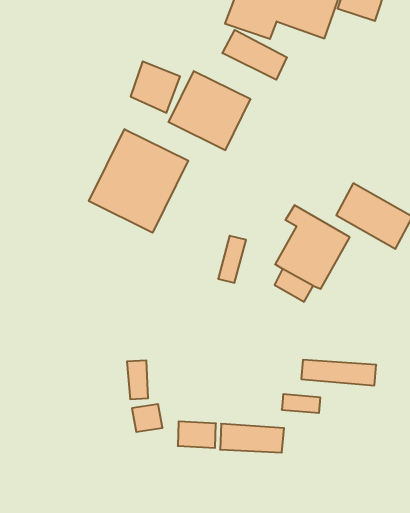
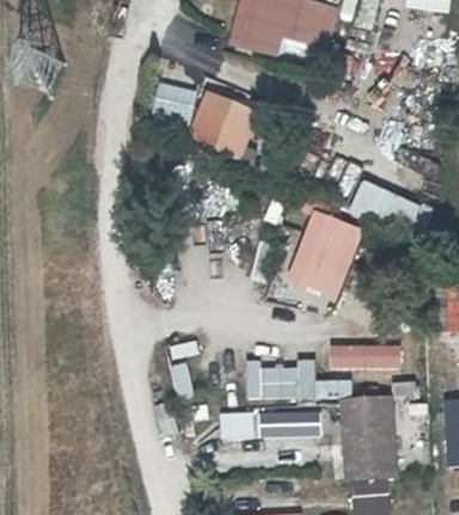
building: [222,30,287,80] -> none
building: [89,129,188,233] -> none
building: none -> [247,362,312,398]
building: none -> [344,397,394,480]

